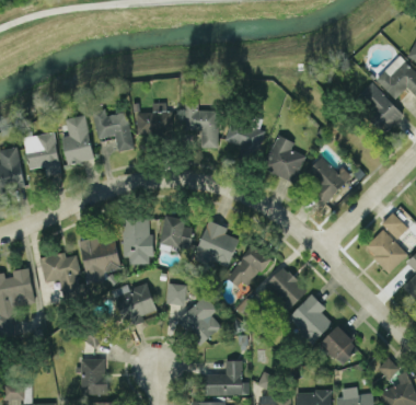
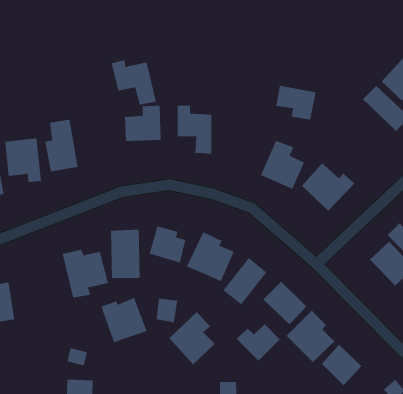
building: [92,108,135,151] -> [111,60,157,105]
building: [226,122,264,154] -> [276,85,317,120]
building: [38,252,81,297] -> none
building: none -> [236,323,281,361]

